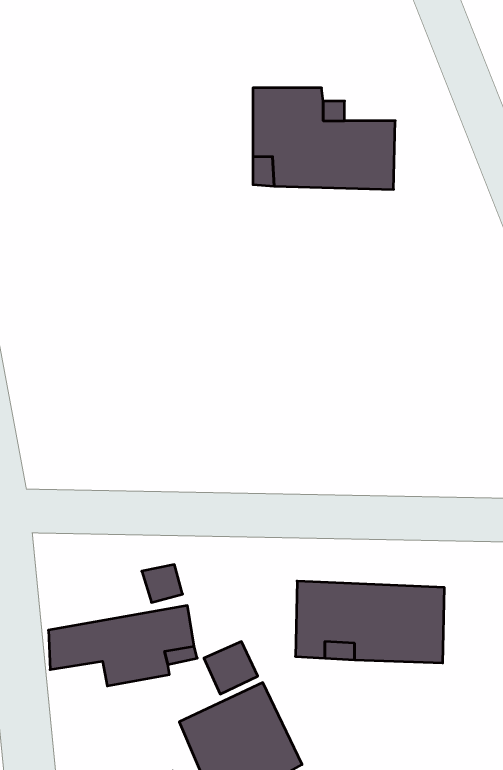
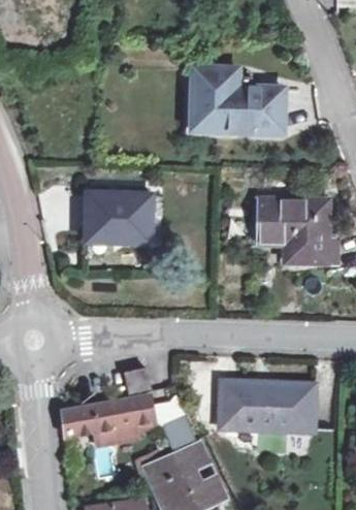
building: none -> [86,193,150,243]
building: none -> [260,199,336,265]

